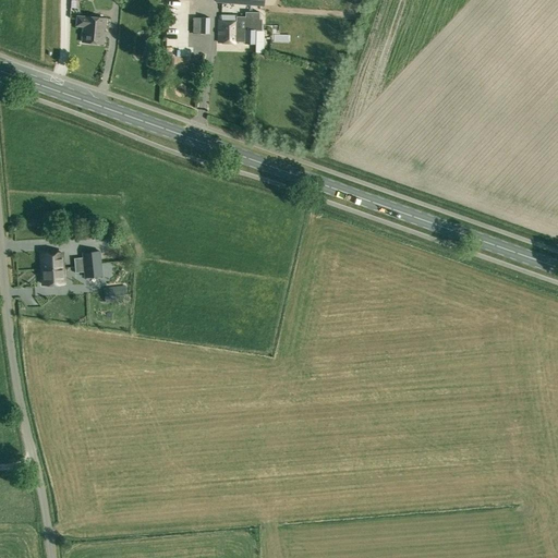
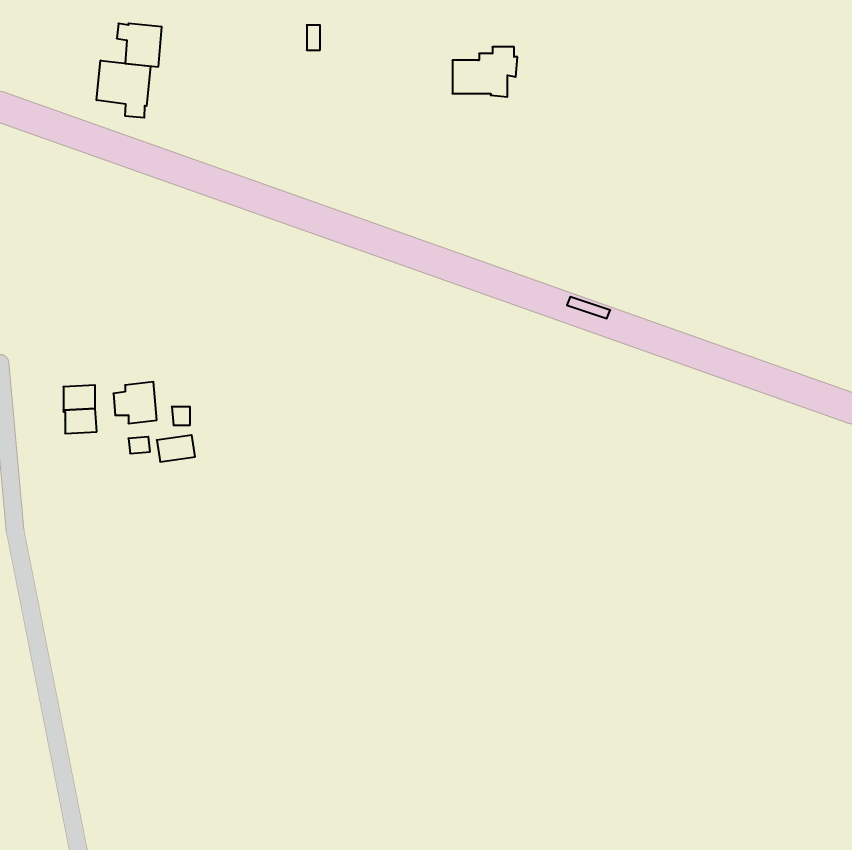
building: [219,11,262,44] -> [452,47,517,97]
building: none -> [97,60,151,118]

